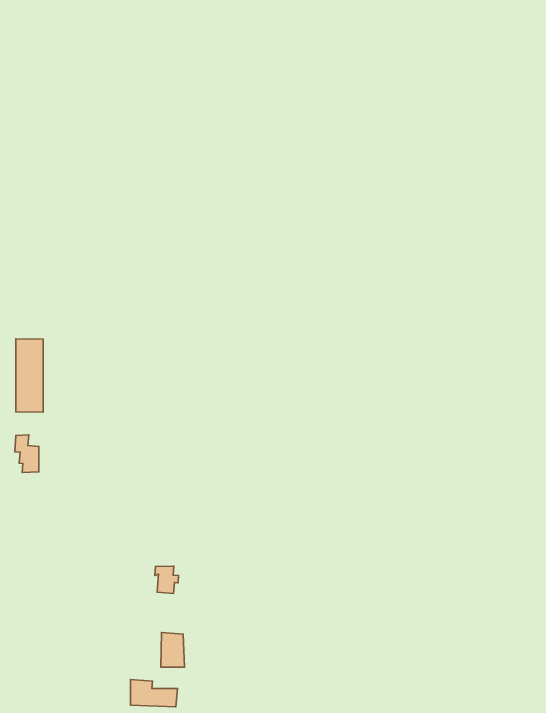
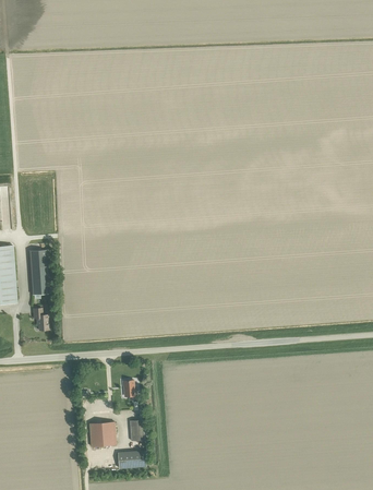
building: none -> [88,422,116,446]

